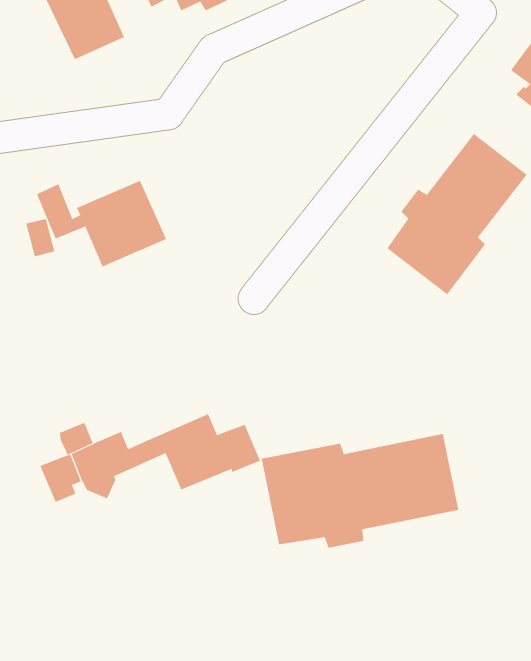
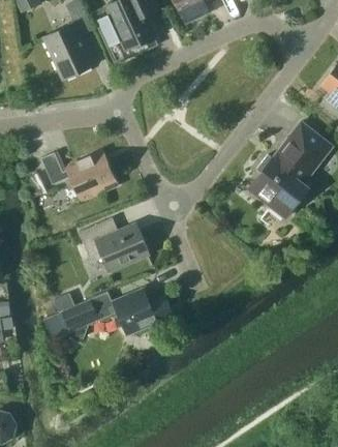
building: none -> [78,220,147,270]
building: [261,433,459,549] -> none

